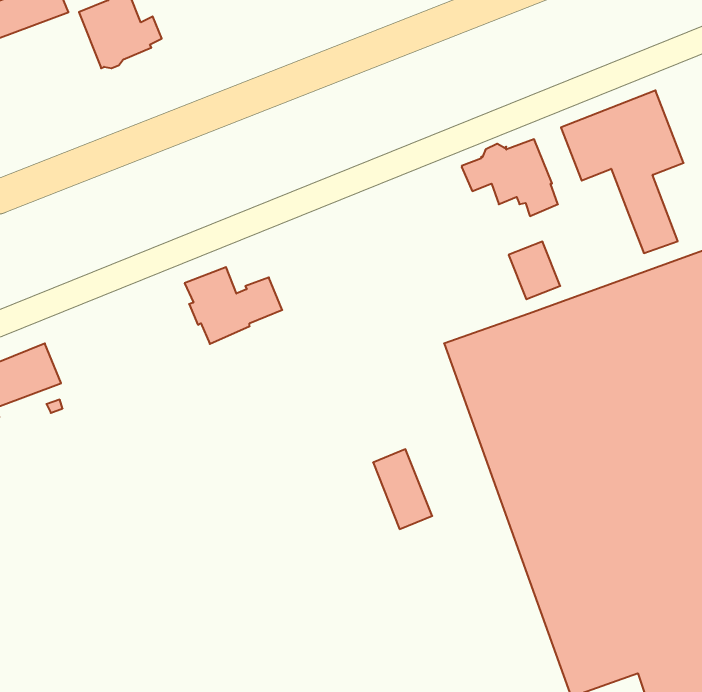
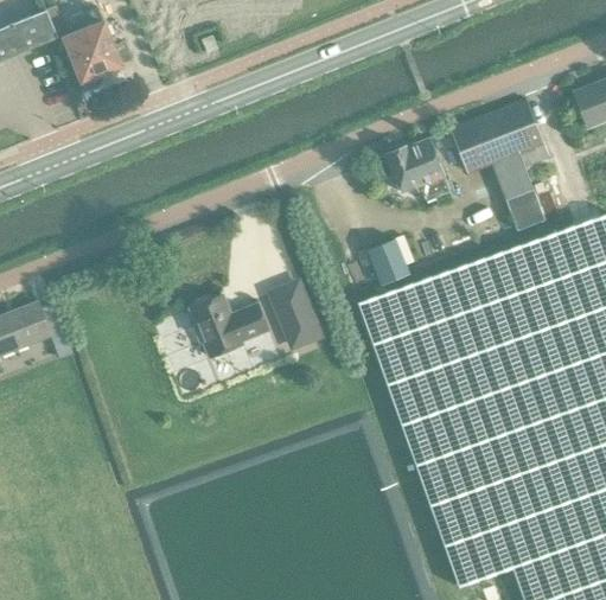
building: [509,242,560,299] -> [368,238,409,285]
building: [185,267,282,344] -> [190,295,268,357]
building: [373,449,432,529] -> [270,282,318,346]

